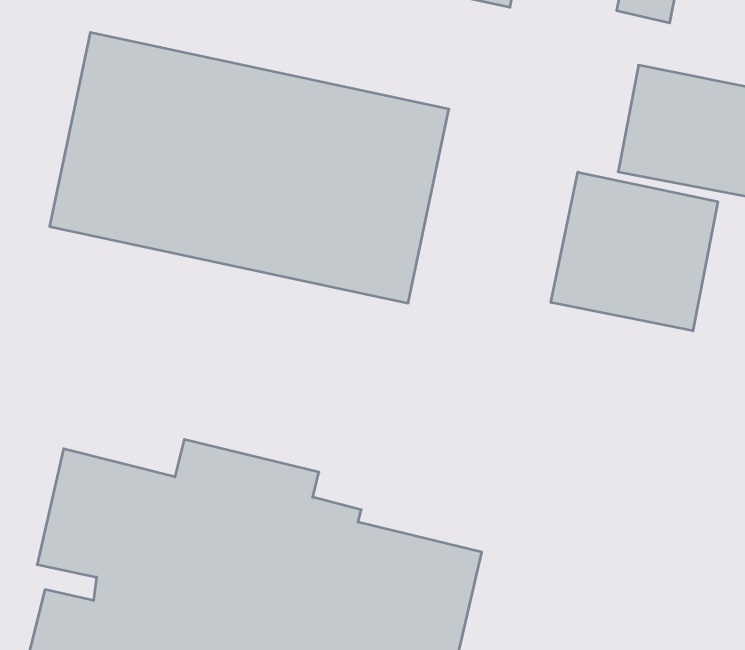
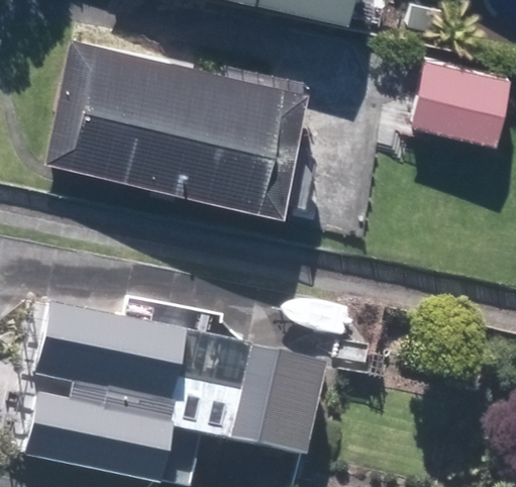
building: [551,172,718,331] -> none

